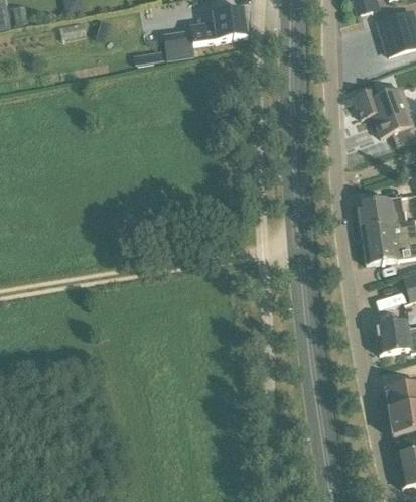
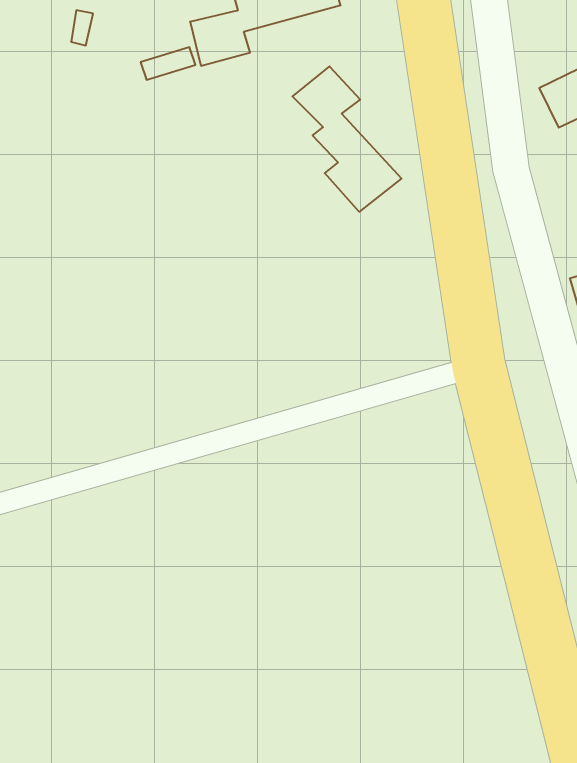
building: none -> [292,66,401,212]

